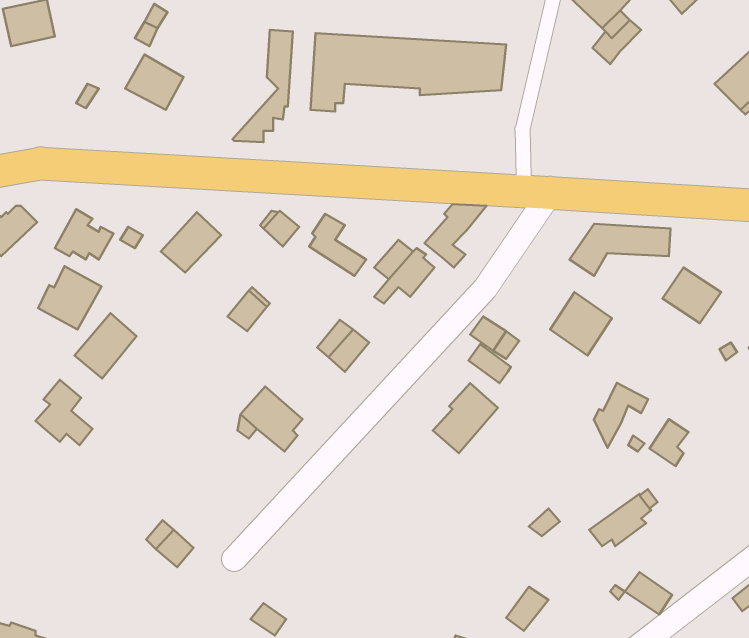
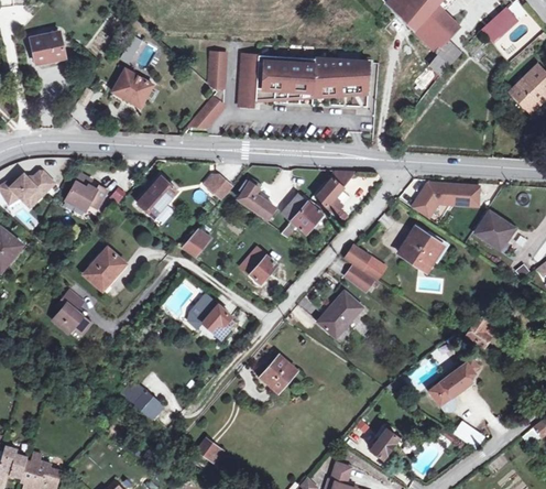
building: [38,266,101,329] -> none
building: [594,383,648,448] -> none
building: none -> [260,356,297,393]

